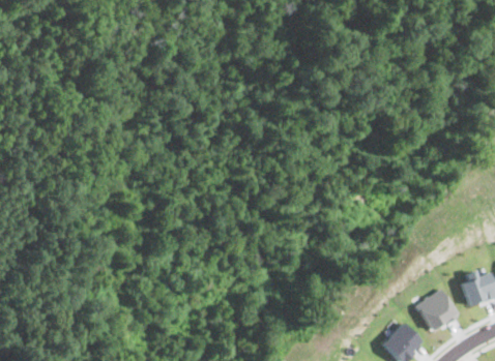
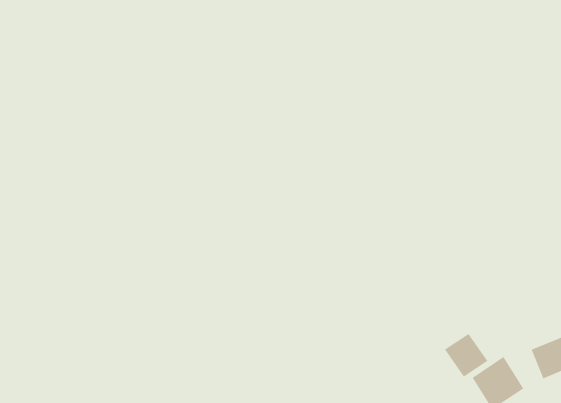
building: none -> [444,333,488,377]

